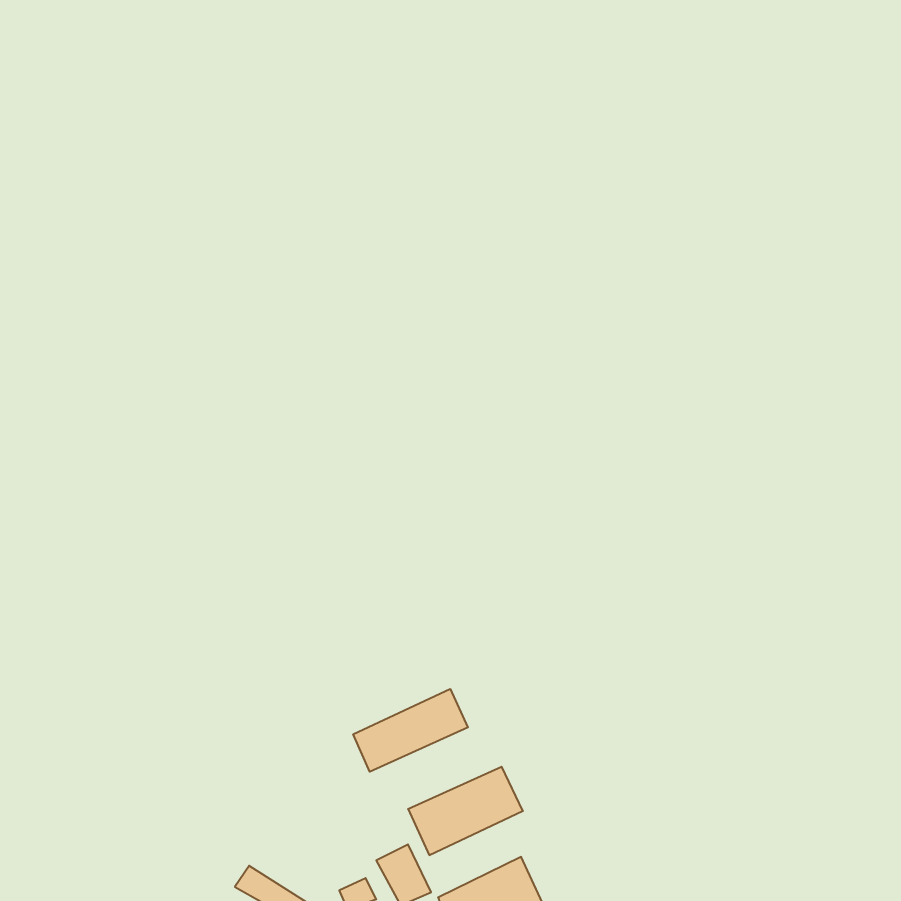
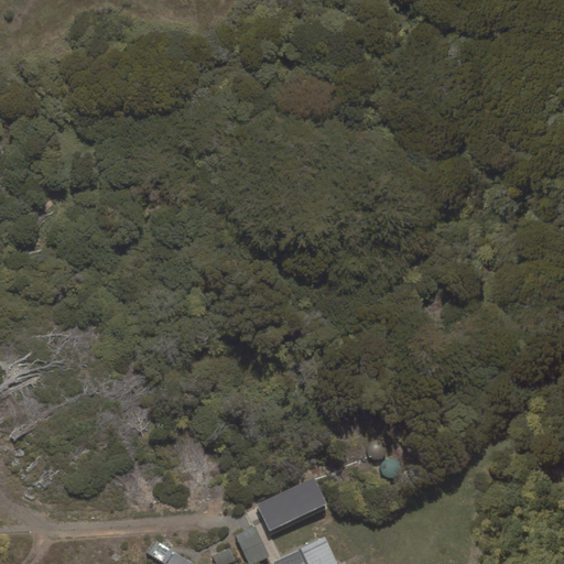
building: [353,689,468,772] -> none

